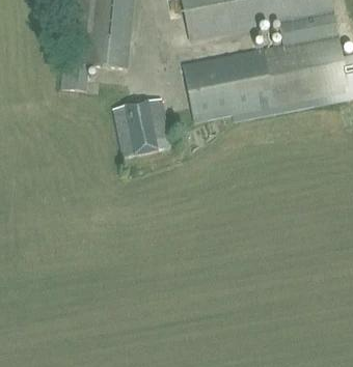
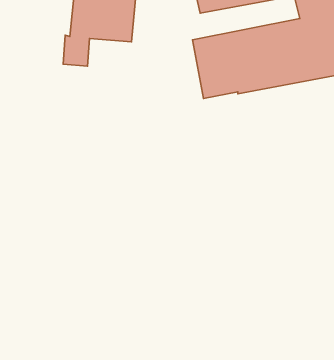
building: [112,97,170,157] -> none

